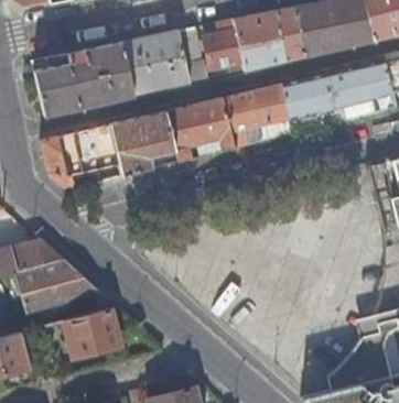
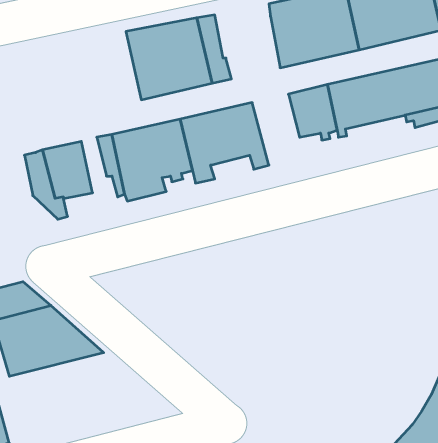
building: [204,30,244,72] -> none
building: [34,42,133,116] -> none
building: [222,91,259,148] -> none
building: [64,308,120,357] -> none

